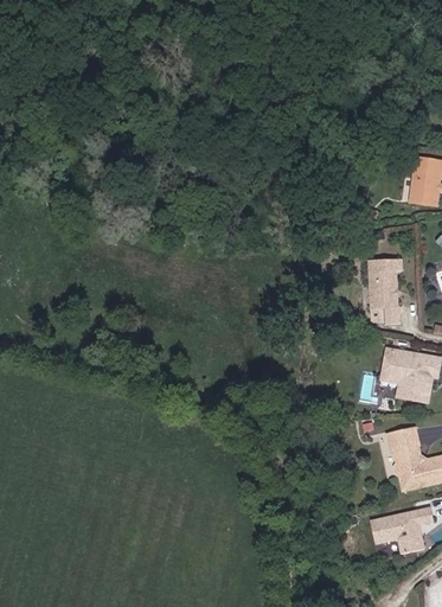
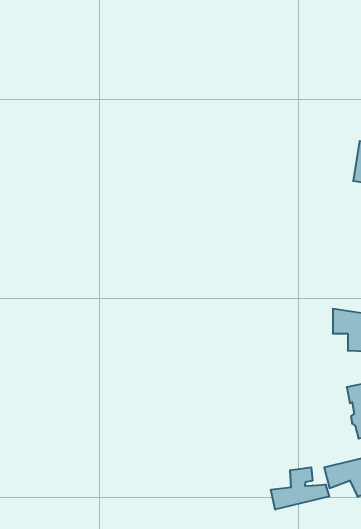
building: [372,258,404,322] -> none
building: none -> [271,467,329,510]

